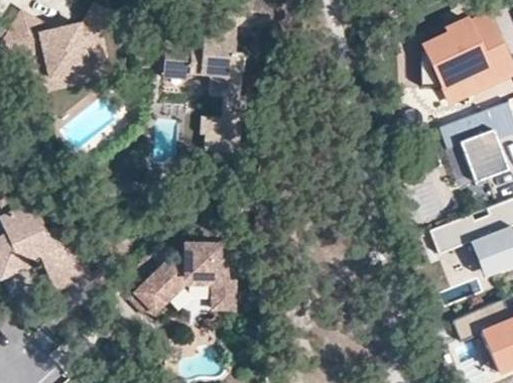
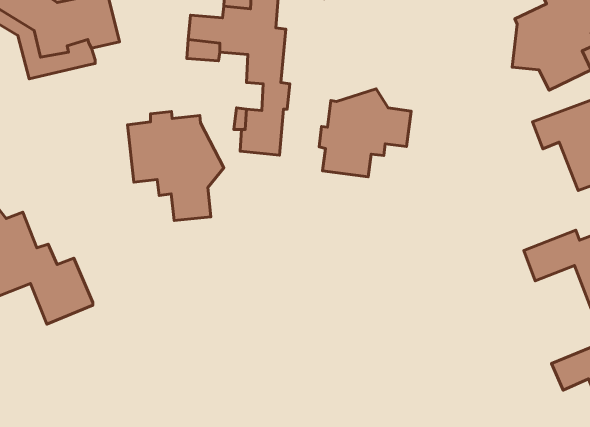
building: none -> [319,89,411,177]
building: none -> [127,111,224,221]
building: [130,244,236,320] -> none

